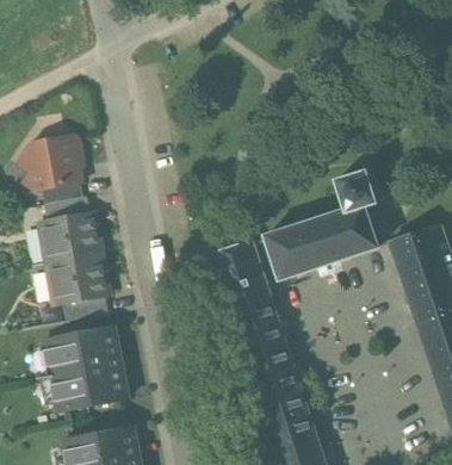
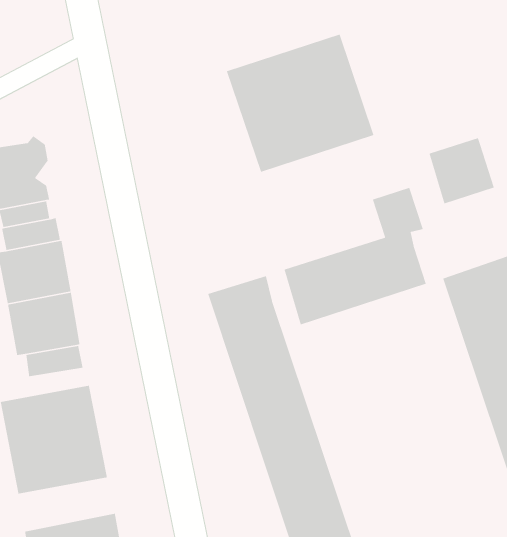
building: none -> [226,34,375,173]
building: none -> [428,137,495,205]

